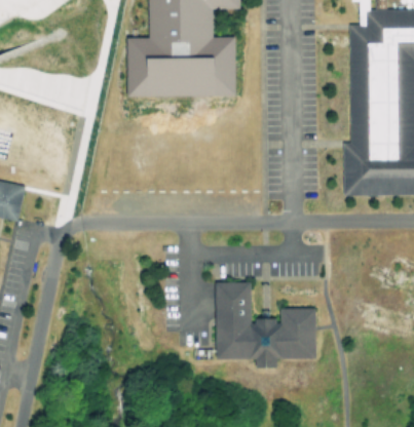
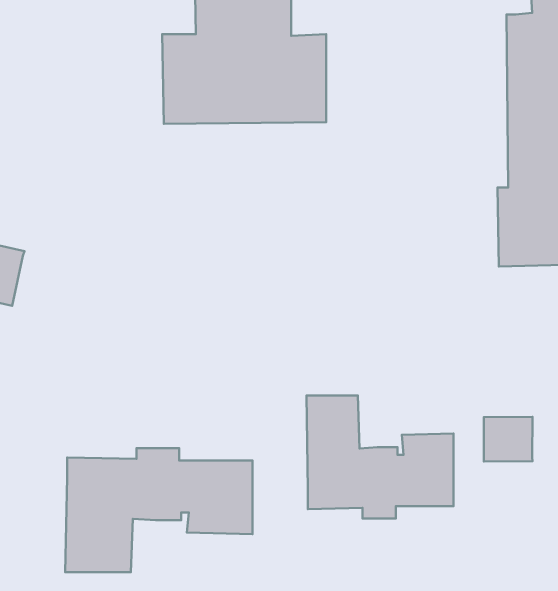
building: none -> [484,417,533,461]
building: none -> [65,448,252,572]

